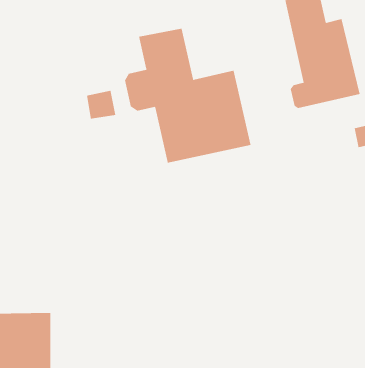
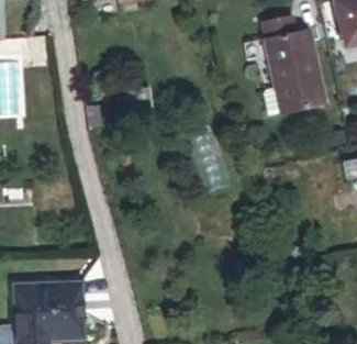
building: [124,28,251,163] -> none

